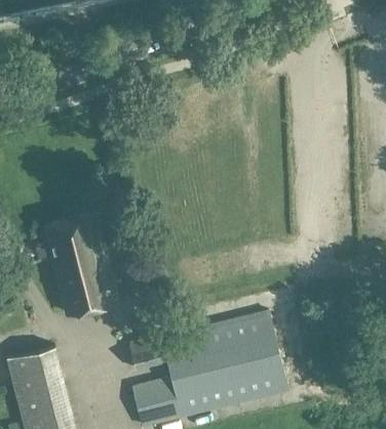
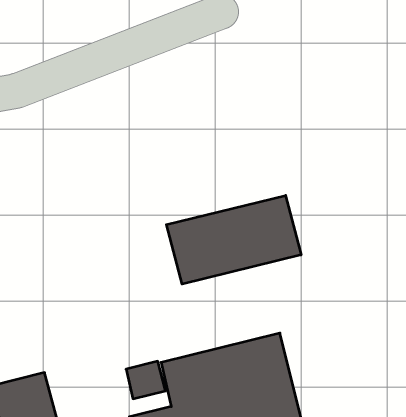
building: none -> [166,195,301,284]
building: [46,212,118,314] -> none

